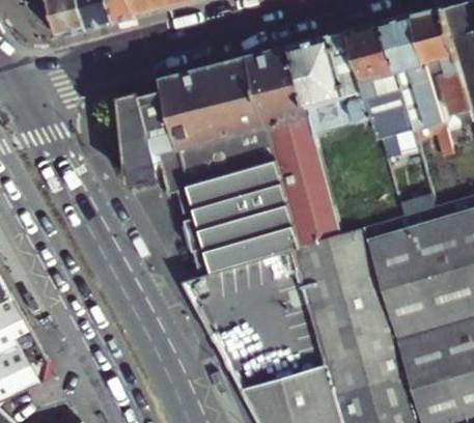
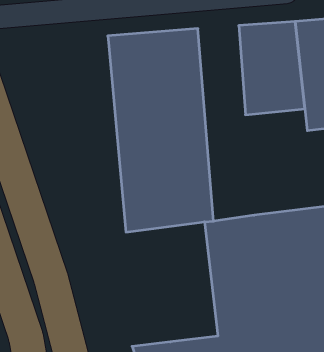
building: [254,44,345,249] -> none
building: [123,88,217,280] -> none

